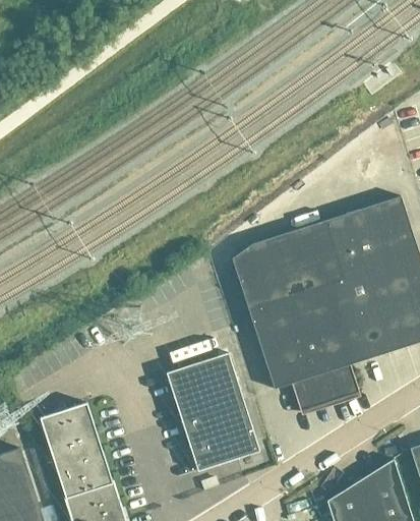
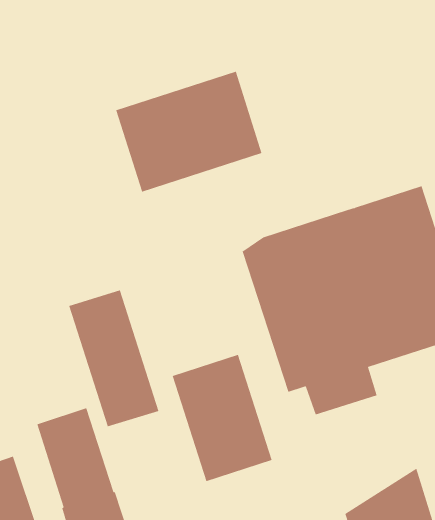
building: none -> [115,71,262,193]
building: none -> [69,290,159,427]

